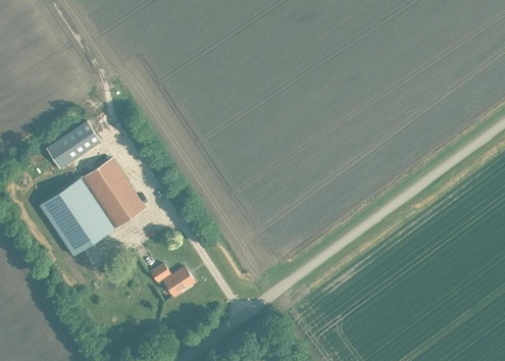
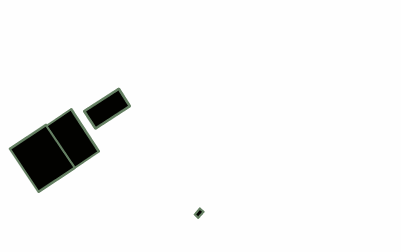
building: [46,121,100,168] -> [84,89,130,129]
building: [151,263,195,296] -> none

